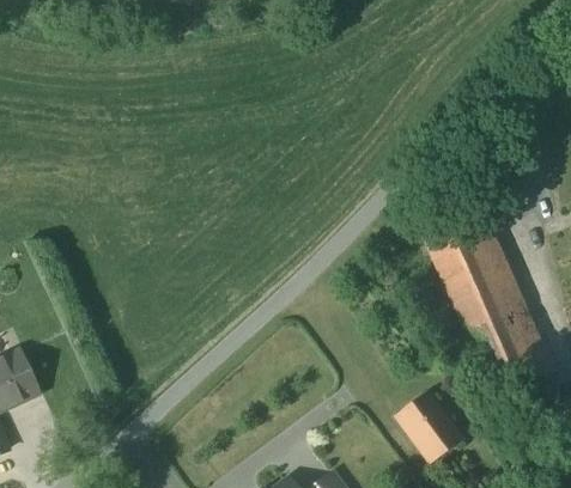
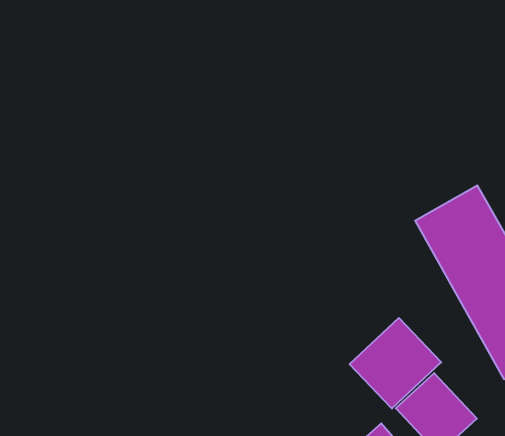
building: none -> [350,318,441,409]

